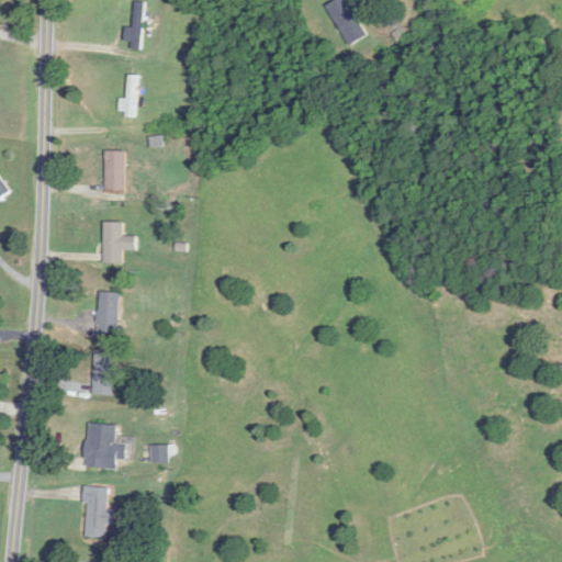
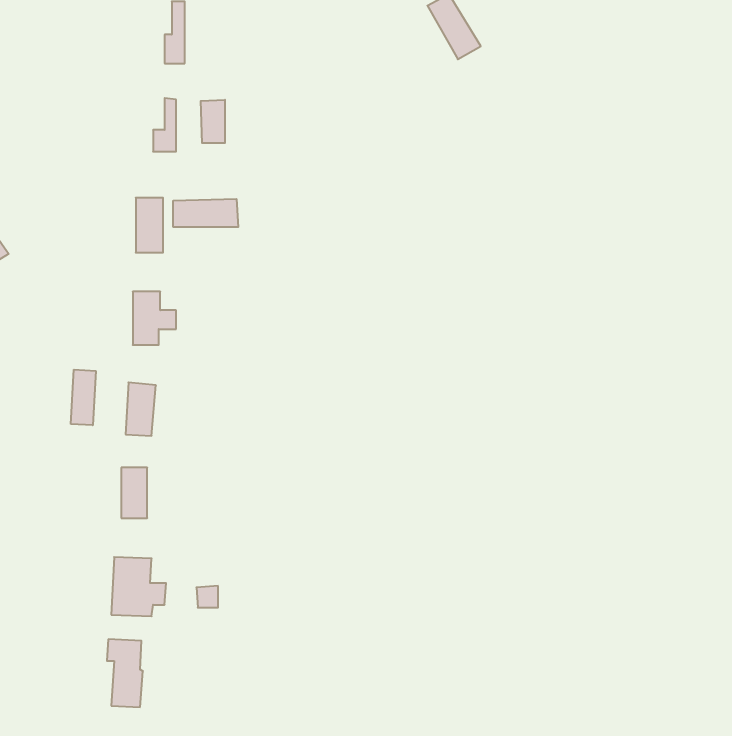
building: none -> [201,100,225,143]
building: none -> [173,199,238,227]
building: none -> [71,370,96,425]

